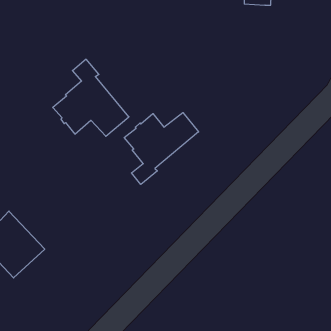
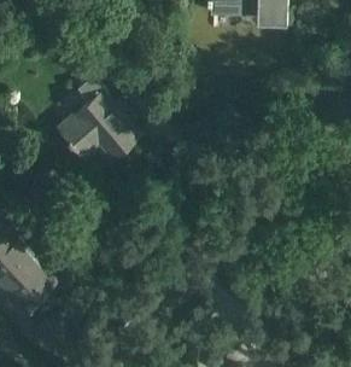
building: [124,113,199,184] -> none

